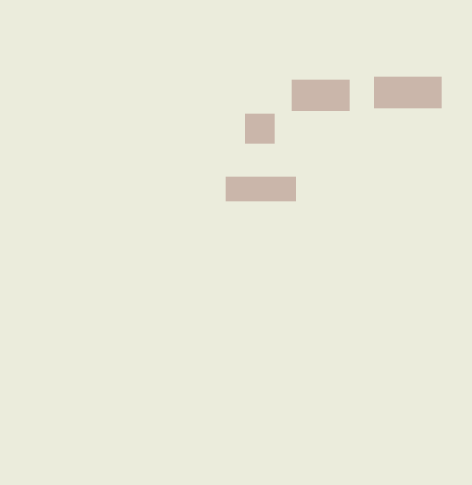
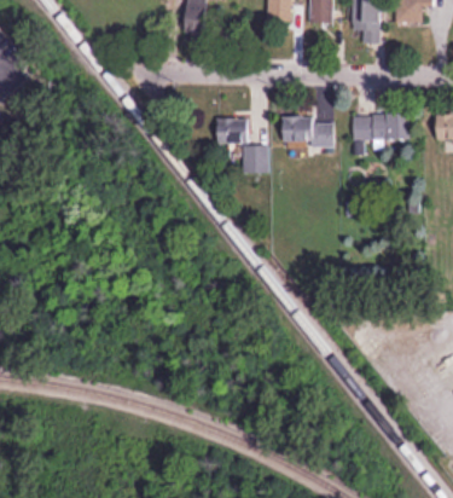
building: none -> [216,116,249,143]
building: [225,176,296,202] -> none

